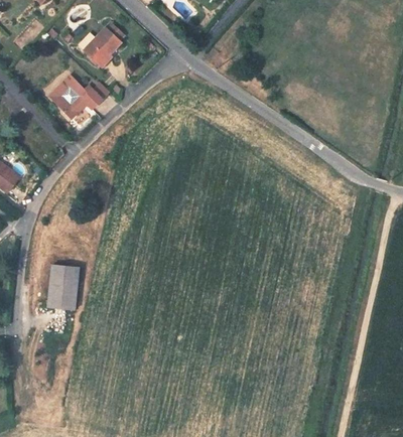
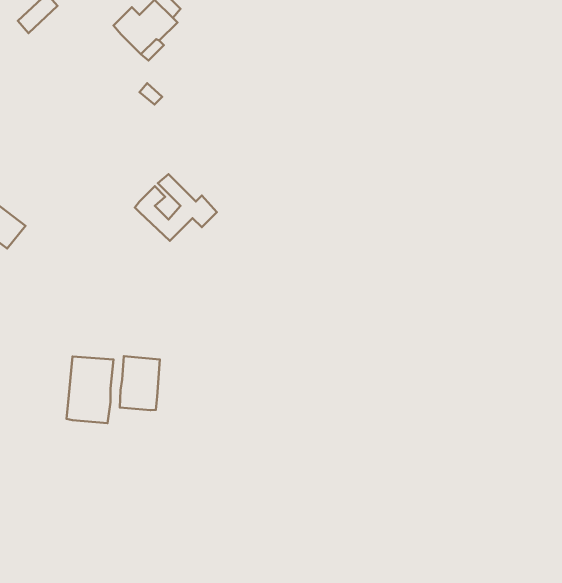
building: [48,75,103,119] -> [135,174,217,241]
building: none -> [120,356,160,410]

